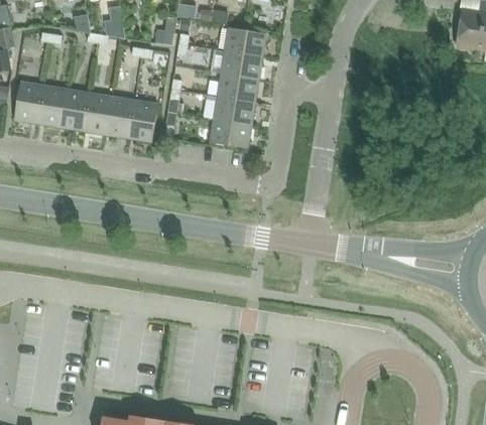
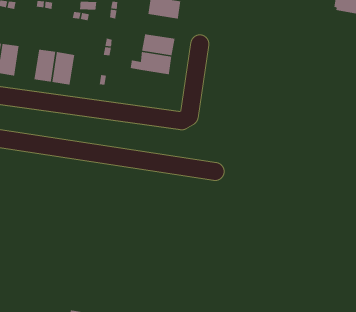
building: [216,51,263,81] -> none
building: [60,90,90,132] -> none
building: [129,101,158,143] -> none
building: [210,120,252,149] -> none

